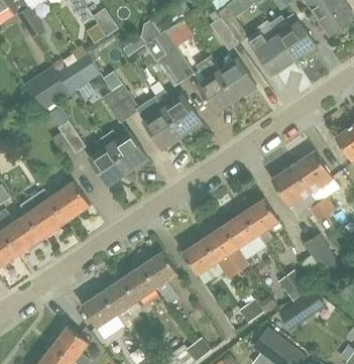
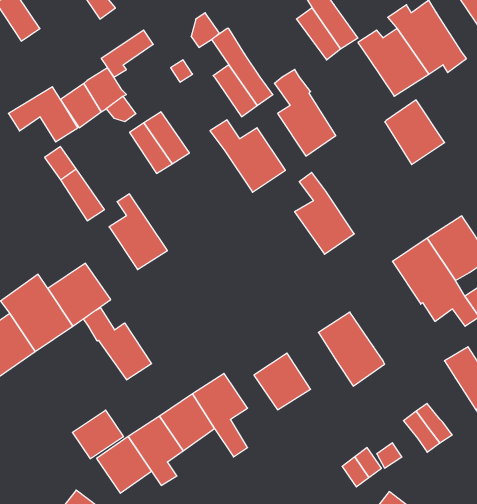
building: [217,57,255,99] -> [385,100,445,165]
building: [142,96,181,148] -> [295,172,354,254]
building: [102,130,147,172] -> none
building: [243,198,278,234] -> none
building: none -> [83,308,152,380]
building: [203,225,239,277] -> none
building: none -> [72,410,123,459]
building: [277,298,309,330] -> none

